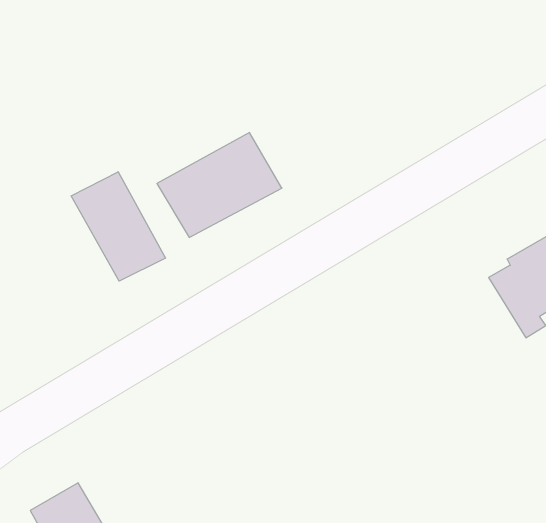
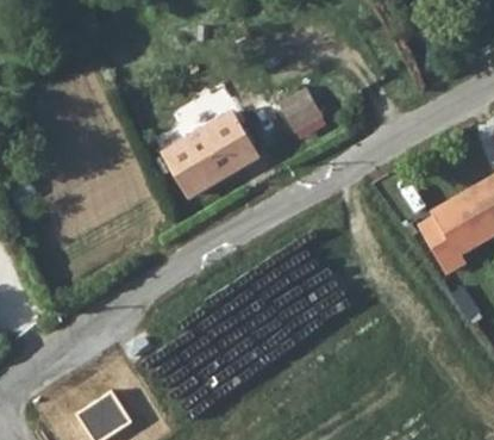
building: none -> [280,88,325,134]
building: [71,172,166,281] -> none

